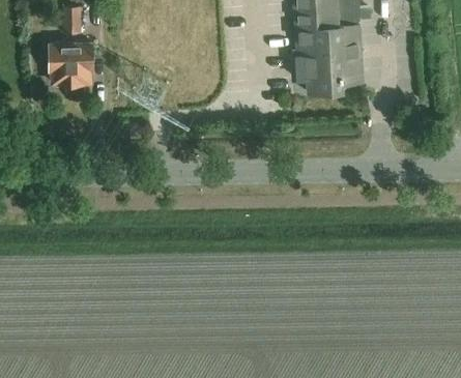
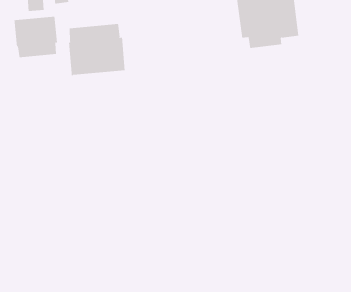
building: none -> [68,23,125,77]

